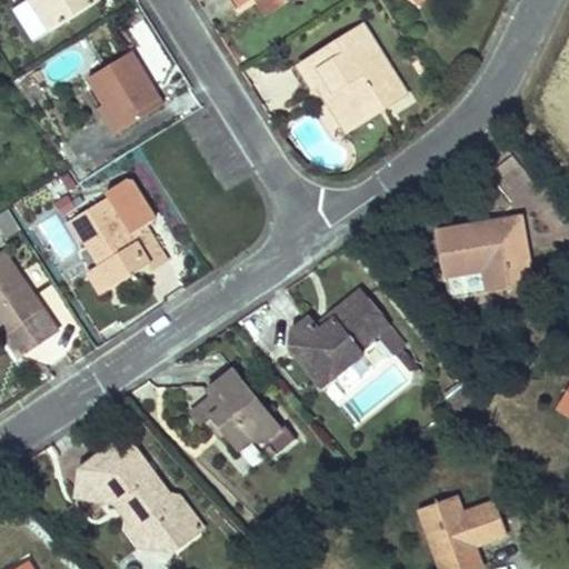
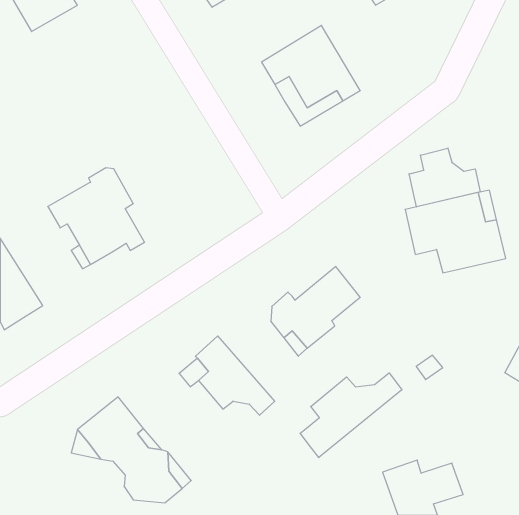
building: [74,57,148,136] -> none
building: none -> [409,148,480,207]
building: none -> [300,373,402,458]

